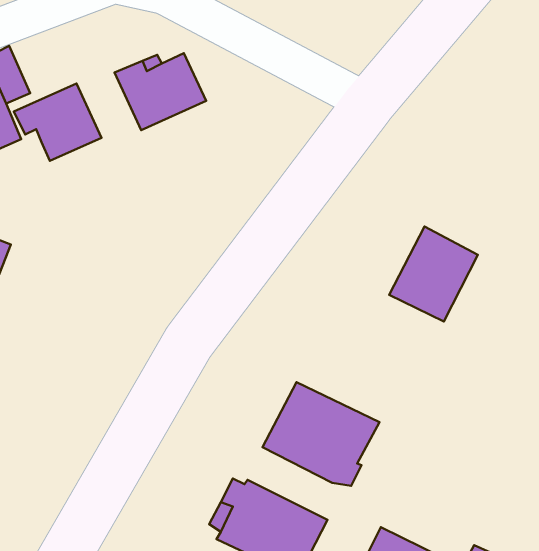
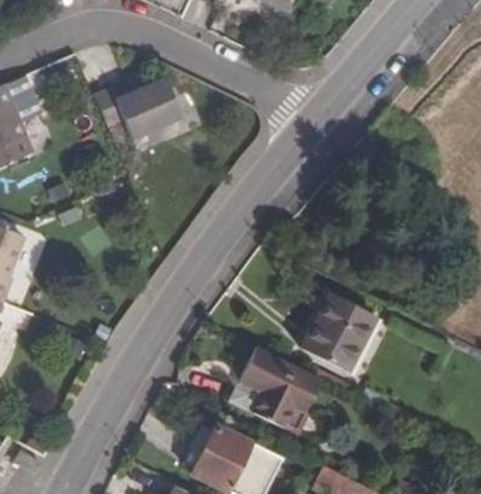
building: [14,83,101,161] -> none
building: [389,227,478,321] -> [303,294,375,371]

